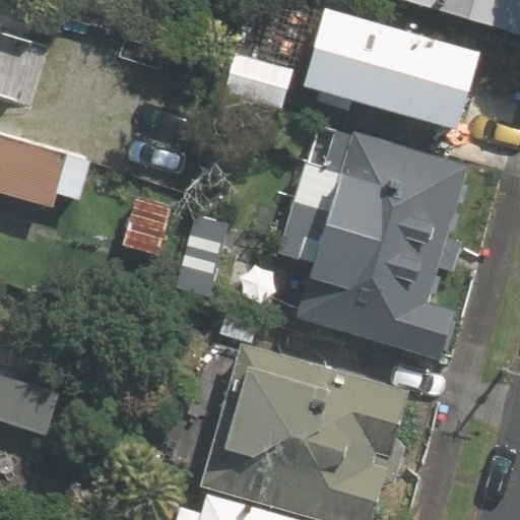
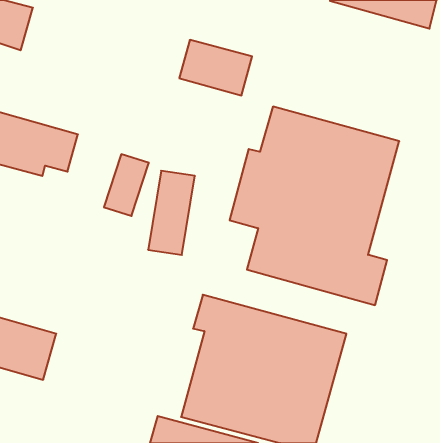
building: [300,6,482,132] -> none

